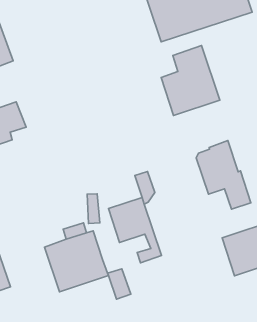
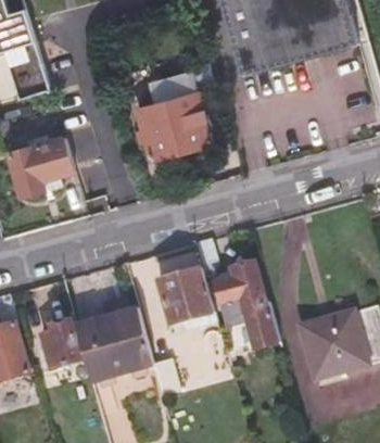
building: [161,45,220,116] -> [138,72,211,159]
building: [196,141,251,209] -> [214,262,280,349]
building: none -> [41,322,81,369]

